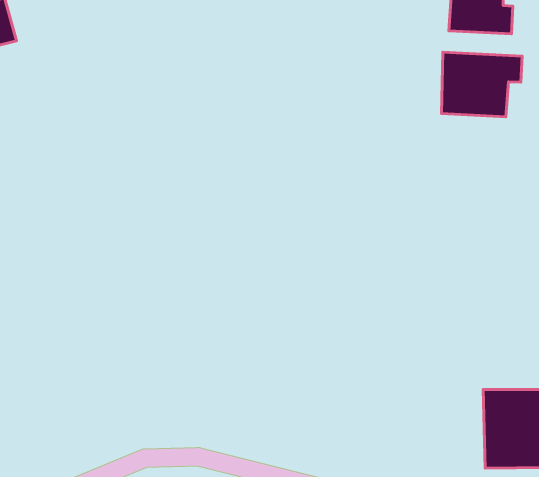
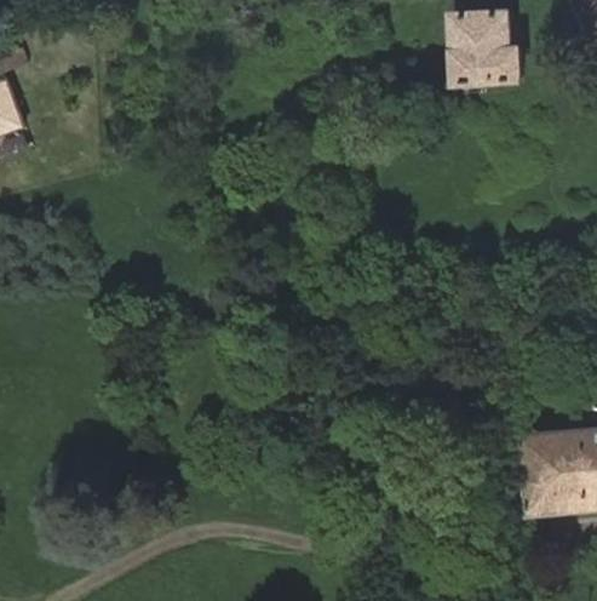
building: [442,52,522,117] -> none

